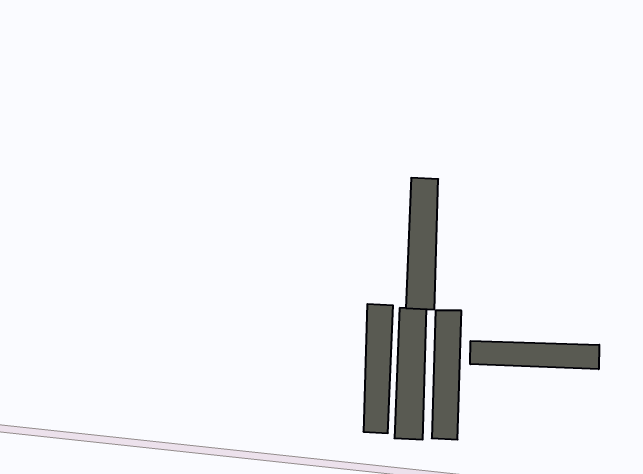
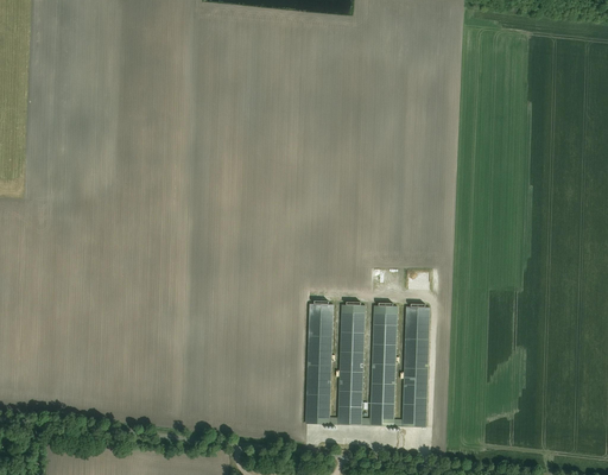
building: [406,178,438,309] -> [304,300,334,422]
building: [470,341,599,369] -> none

